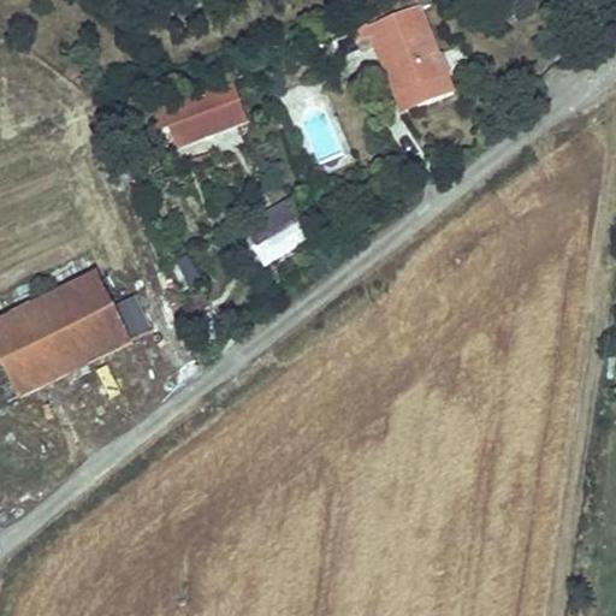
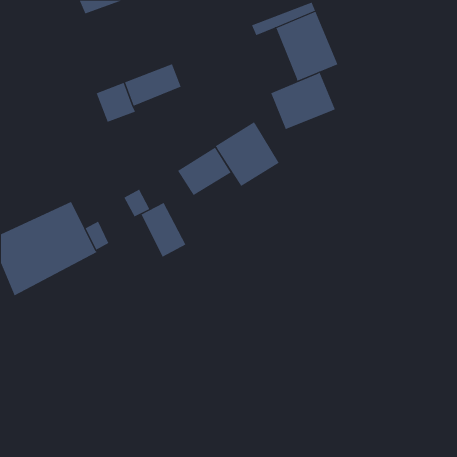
building: none -> [271,72,335,130]
building: none -> [215,121,280,187]
building: none -> [141,202,186,258]

